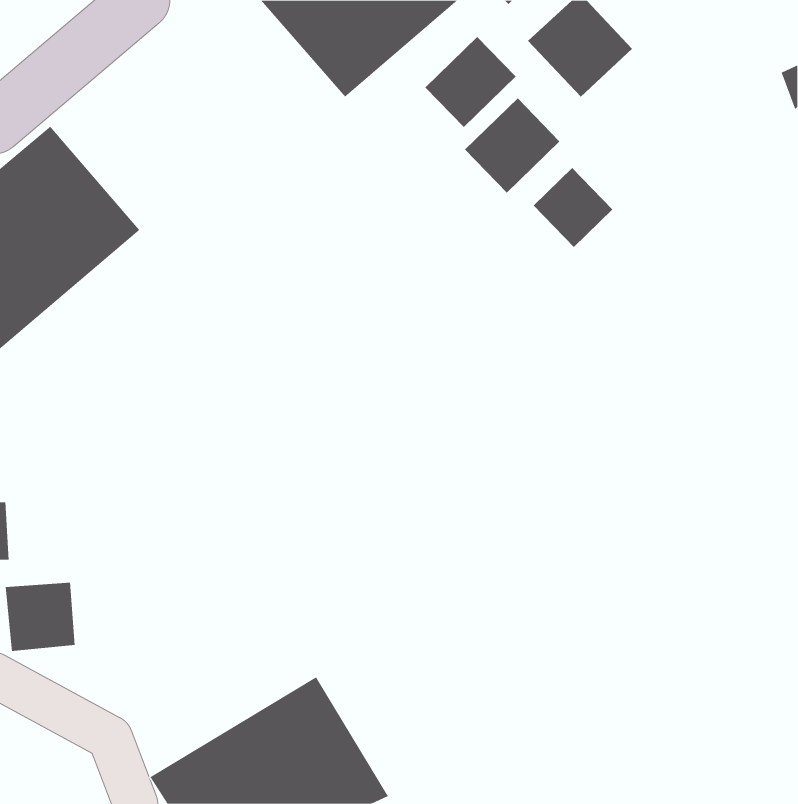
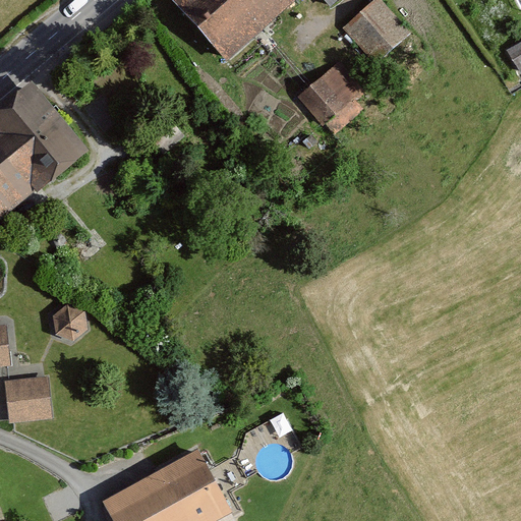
building: [424,36,517,128] -> none
building: [533,167,613,248] -> none
building: none -> [47,304,90,347]

